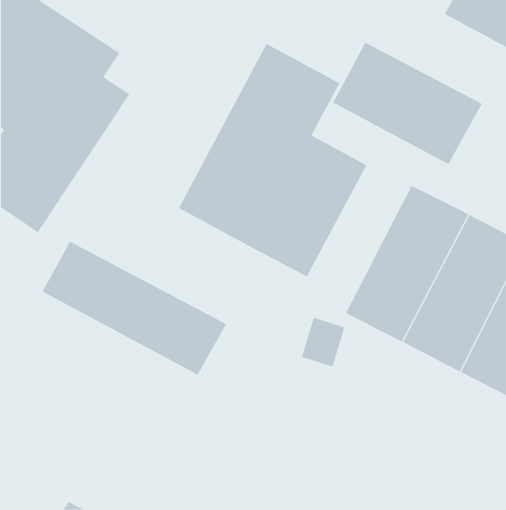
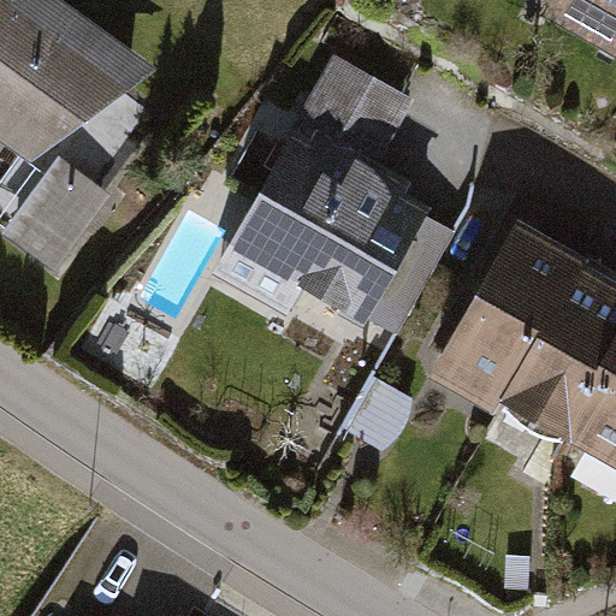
building: [332,42,482,165] -> none
building: [42,241,227,375] -> none

